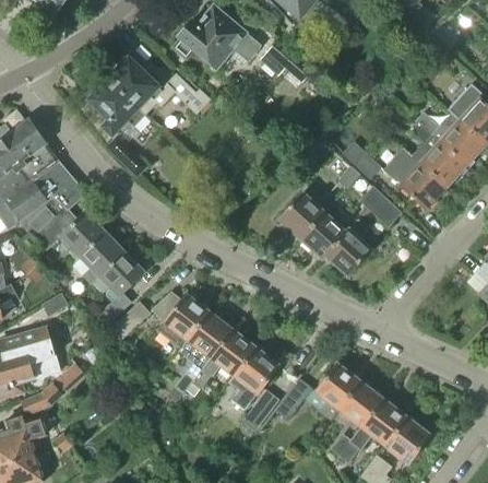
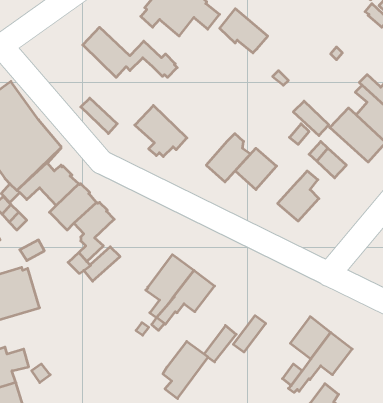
building: [87,79,145,136] -> [135,105,187,157]
building: [300,204,349,258] -> [206,134,250,182]
building: [152,293,207,349] -> none
building: [228,346,278,410] -> [163,341,208,399]
building: [314,363,360,420] -> none
building: [22,367,80,414] -> none
building: [385,416,430,462] -> none

